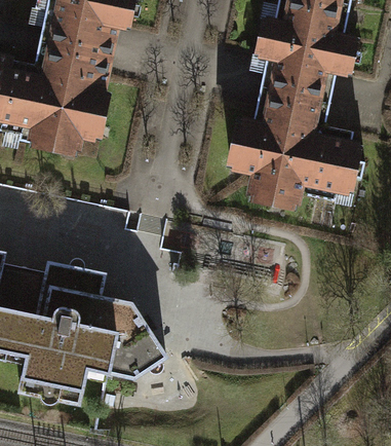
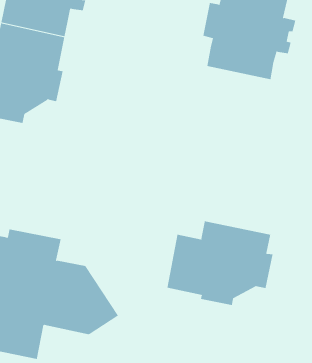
building: [233,88,363,207] -> none
building: none -> [167,221,273,306]

